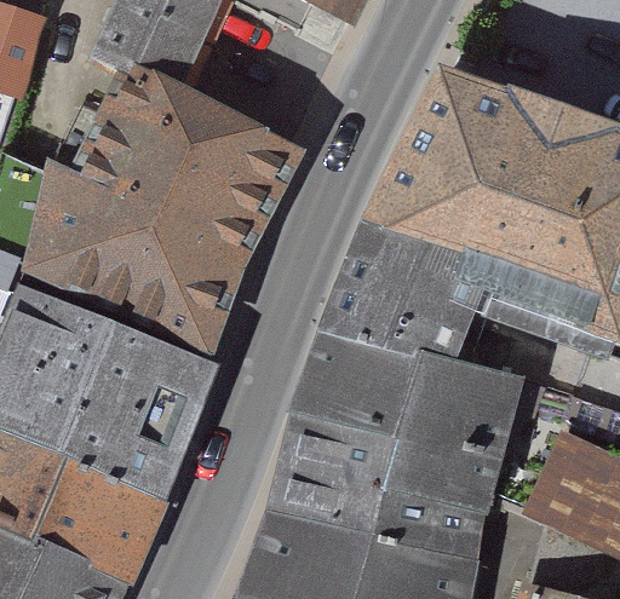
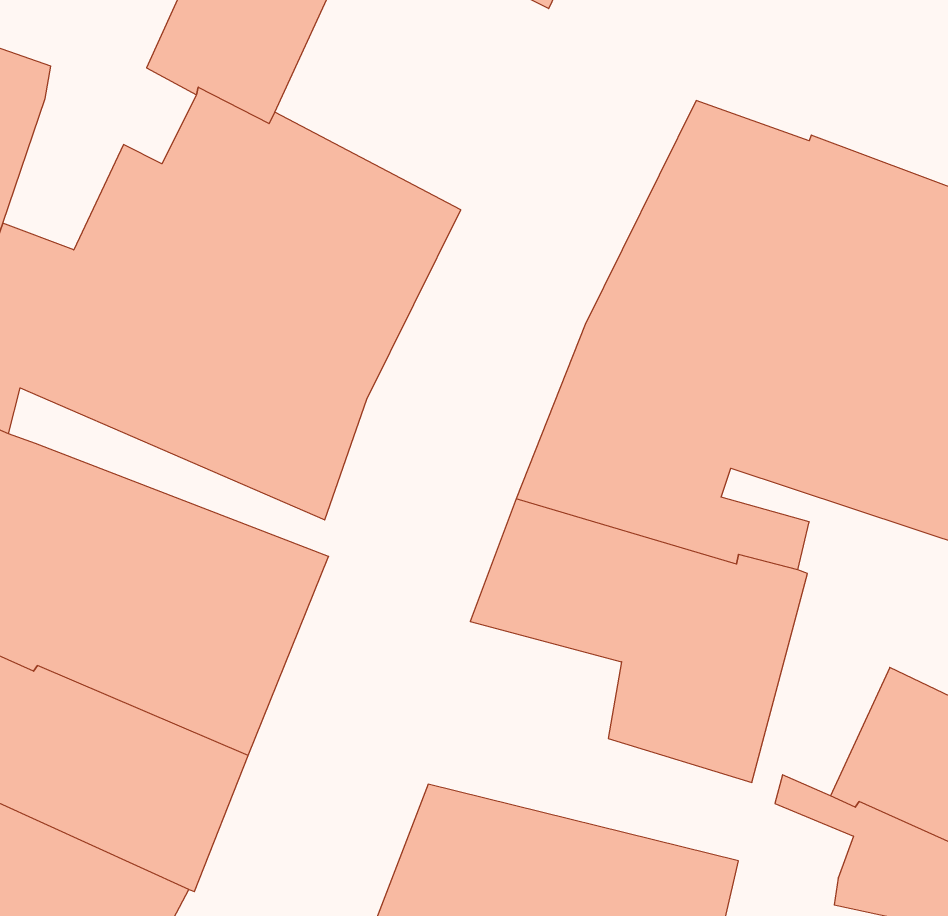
building: [275,407,480,558] -> none

